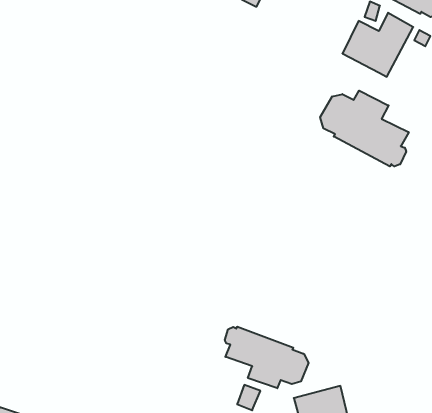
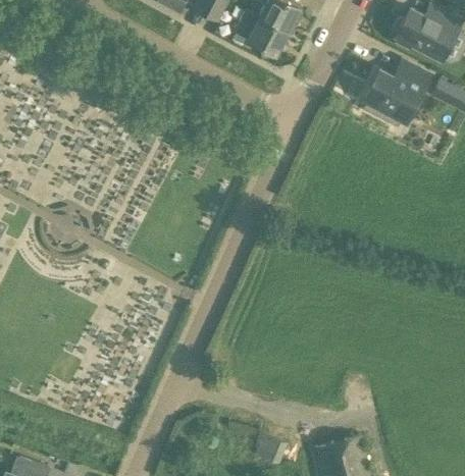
building: [320,91,409,166] -> none
building: [225,327,309,388] -> none

